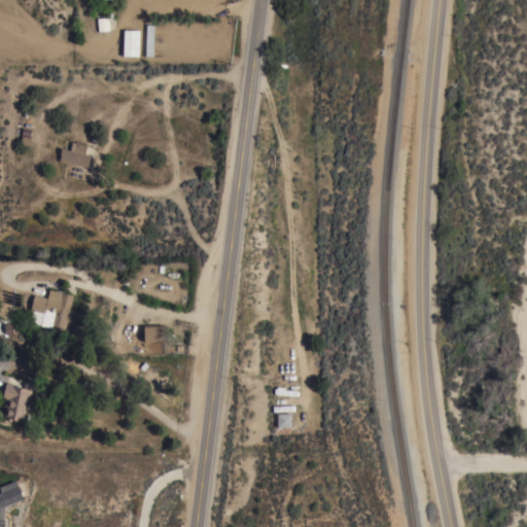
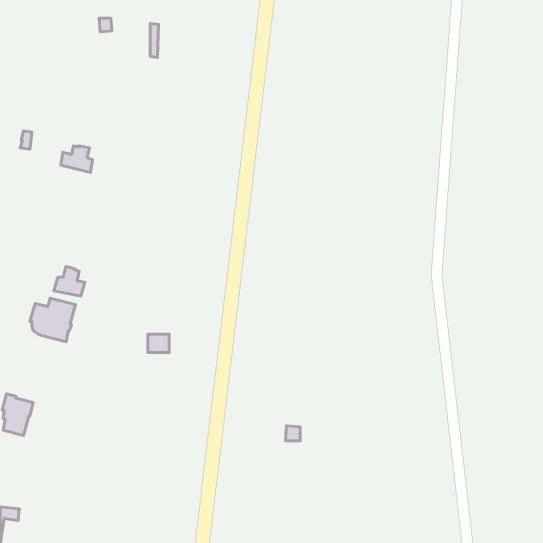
building: [122,30,139,57] -> none
building: none -> [54,266,85,296]

